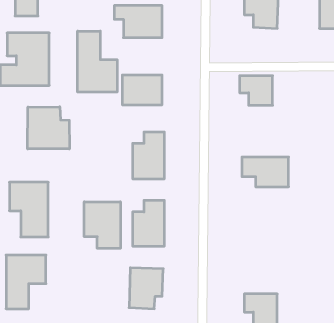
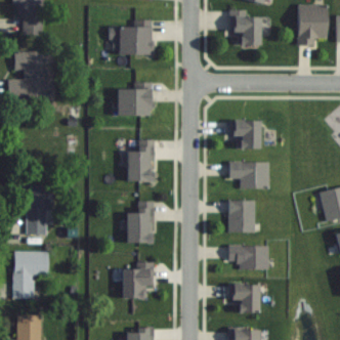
building: [78,31,117,92] -> none
building: [240,76,273,105] -> [227,122,257,148]
building: [28,107,69,149] -> none
building: none -> [225,201,253,232]
building: [84,202,120,248] -> none
building: none -> [225,246,266,269]

